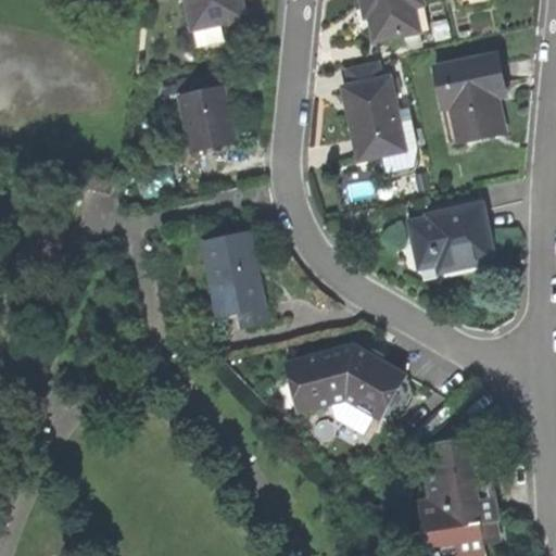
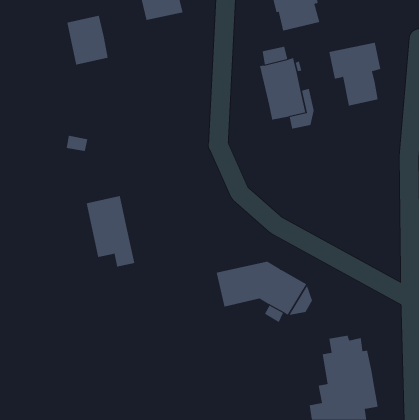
building: [178,86,233,152] -> [67,15,109,65]
building: [410,204,492,270] -> none
building: [202,233,267,328] -> [86,196,135,267]

